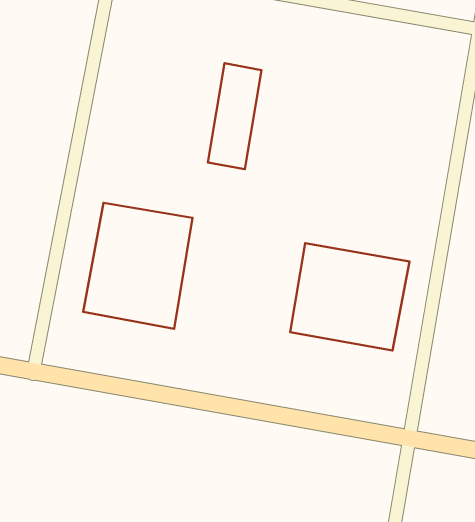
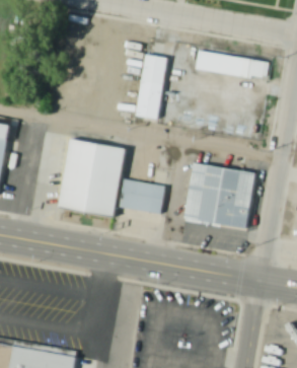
building: none -> [205,52,266,81]
building: none -> [120,179,165,213]

